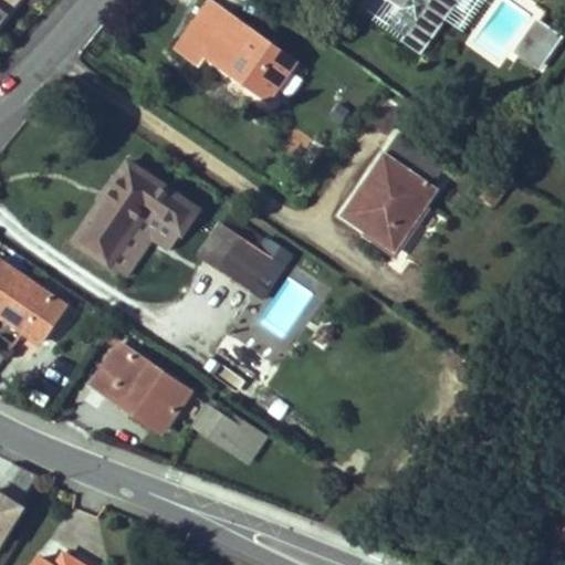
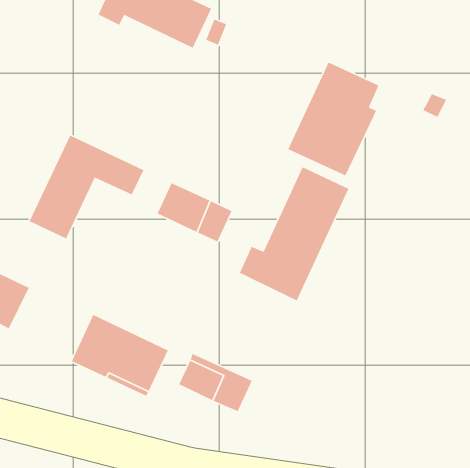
building: [109,210,181,276] -> none
building: none -> [239,166,350,301]

